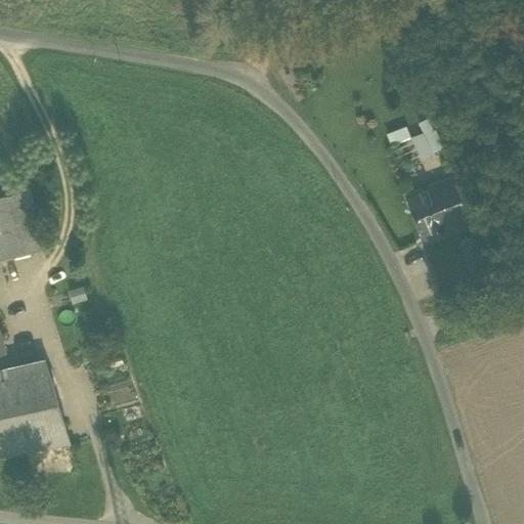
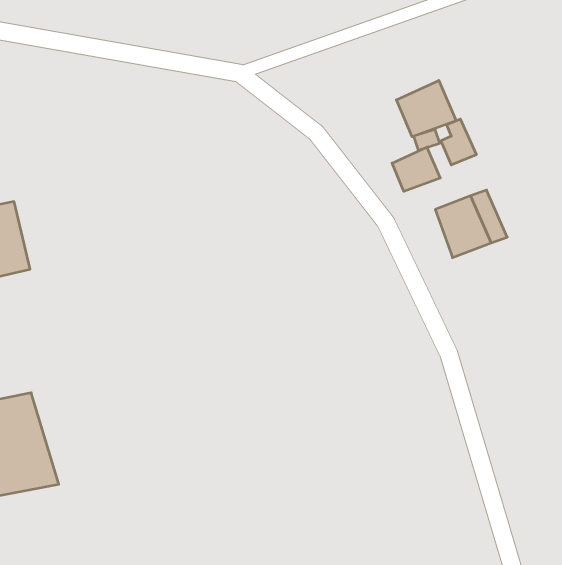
building: none -> [396,80,456,137]
building: none -> [392,147,440,191]

